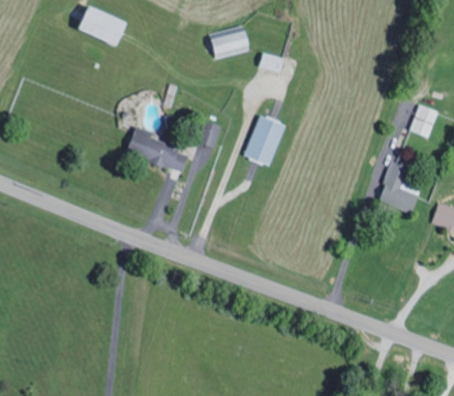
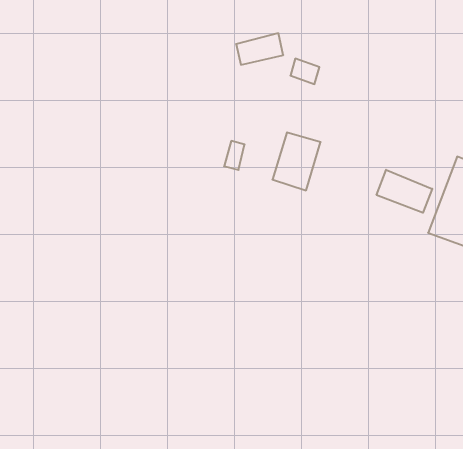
building: [82,7,130,45] -> none
building: [126,126,188,173] -> none
building: none -> [377,170,432,213]

